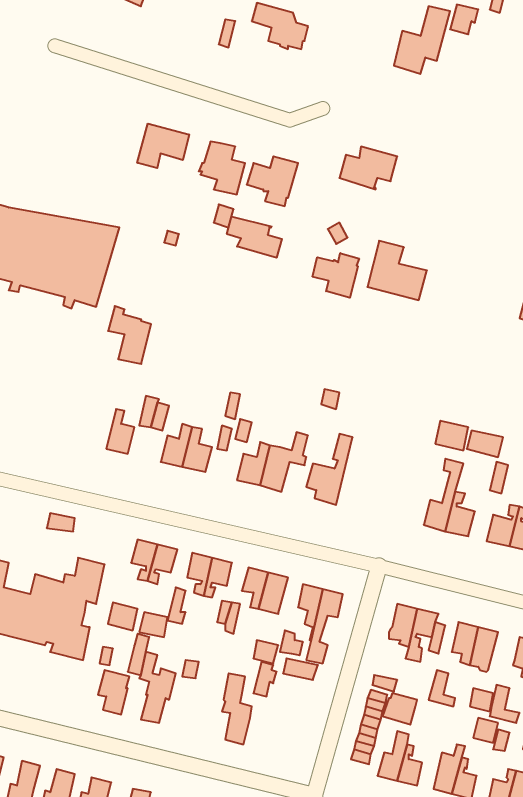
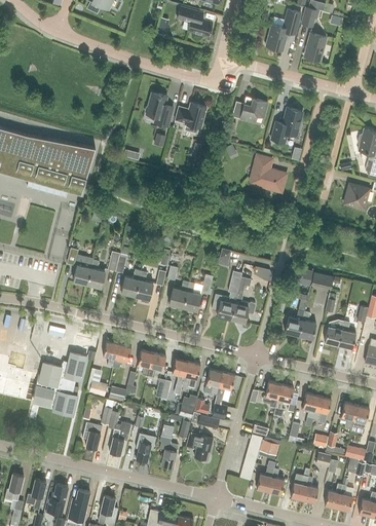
building: none -> [304,34,327,62]
building: [137,124,189,168] -> none
building: none -> [271,108,303,144]
building: [227,216,282,258] -> none
building: [313,253,359,298] -> none
building: [108,306,151,364] -> [67,249,93,285]
building: none -> [230,277,256,323]
building: none -> [136,433,156,461]
building: none -> [186,433,213,460]

